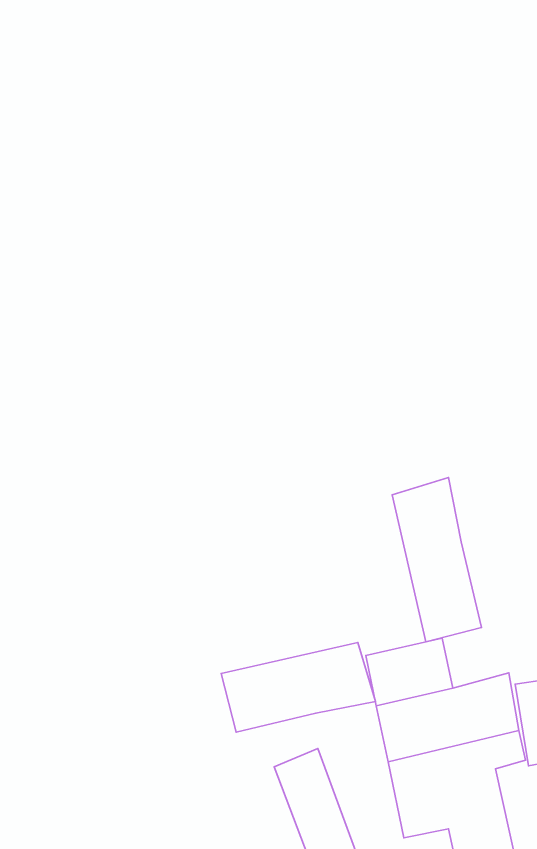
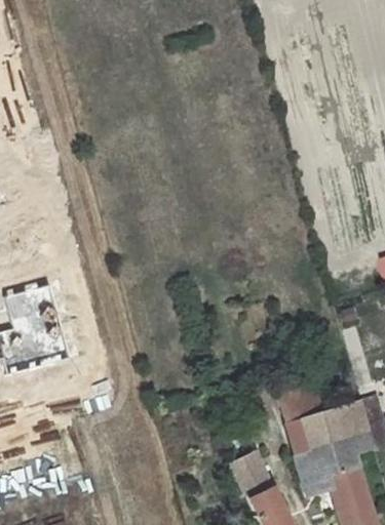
building: [392,478,482,642] -> none
building: [221,642,375,732] -> none

